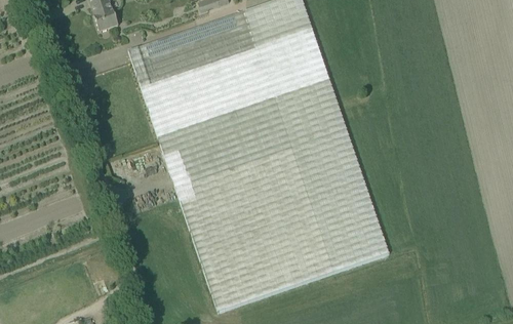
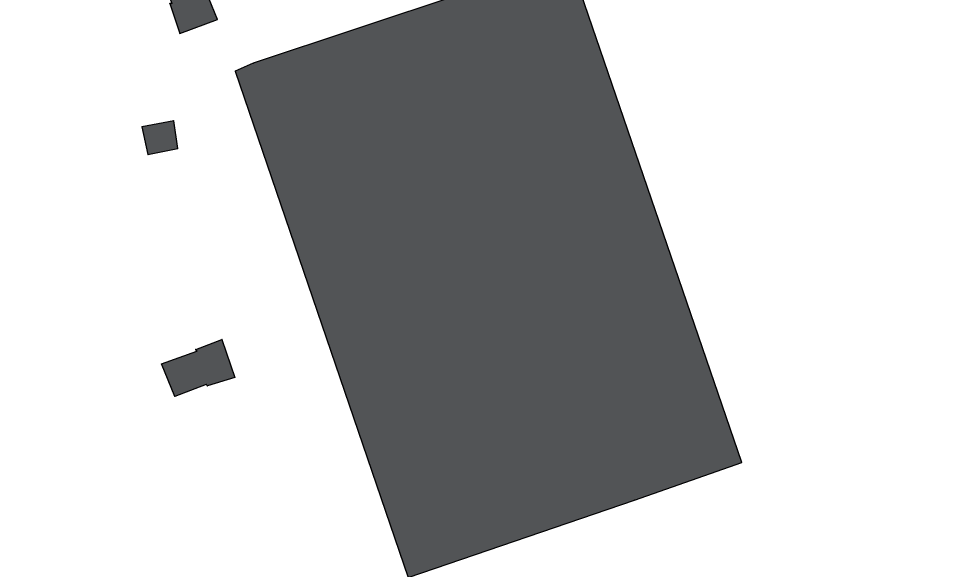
building: none -> [161,339,235,396]

